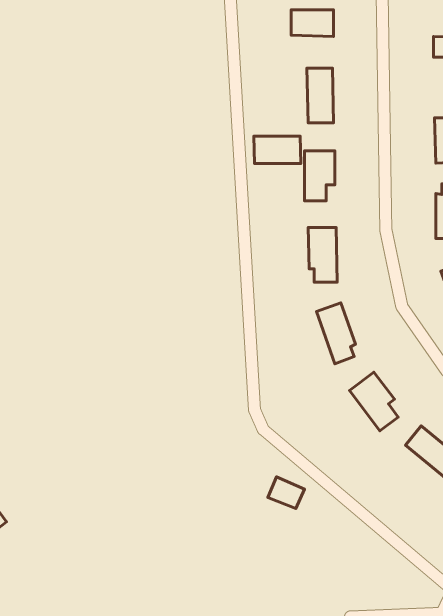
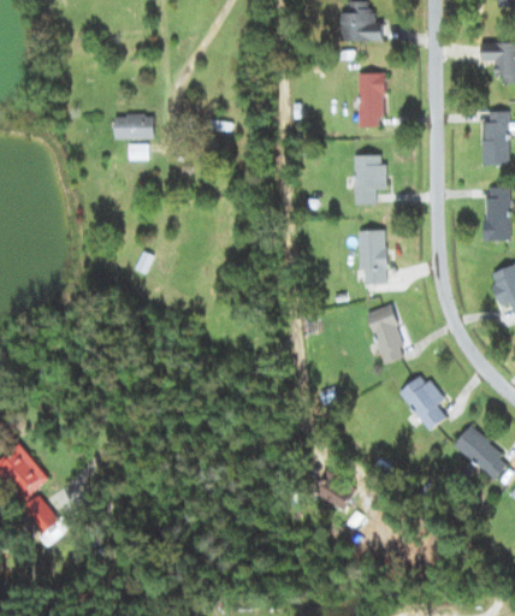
building: none -> [113,114,154,140]
building: [254,136,301,163] -> none

